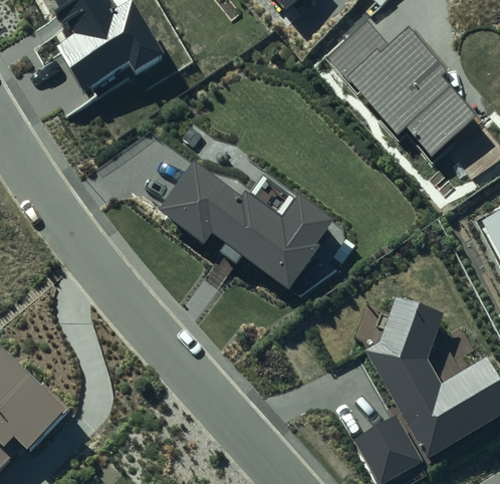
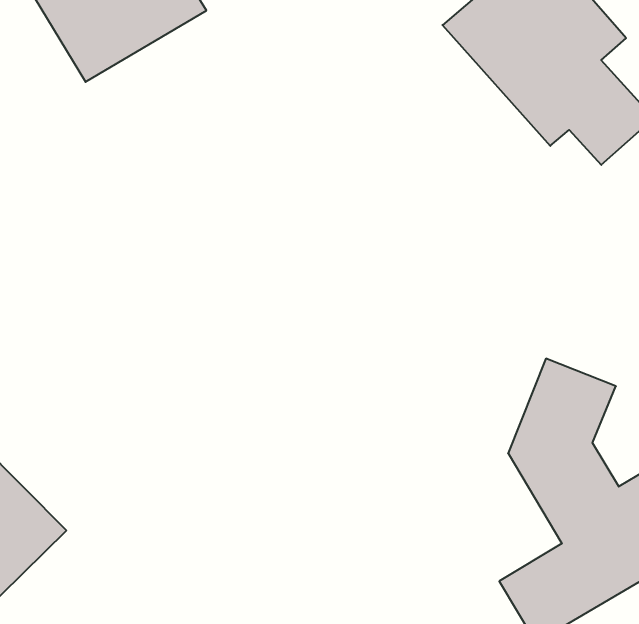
building: [151,153,336,294] -> none

